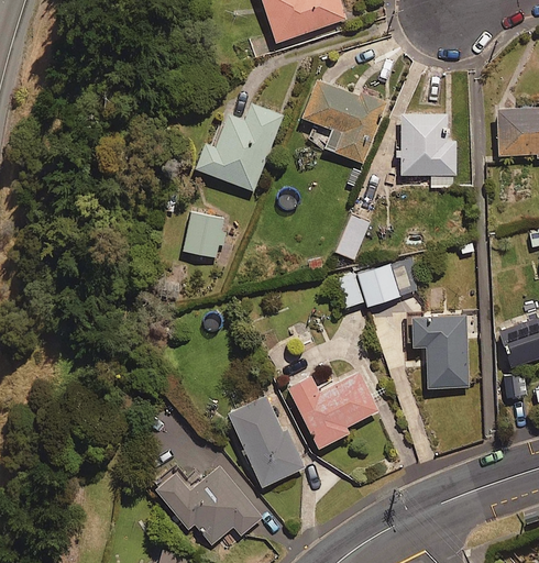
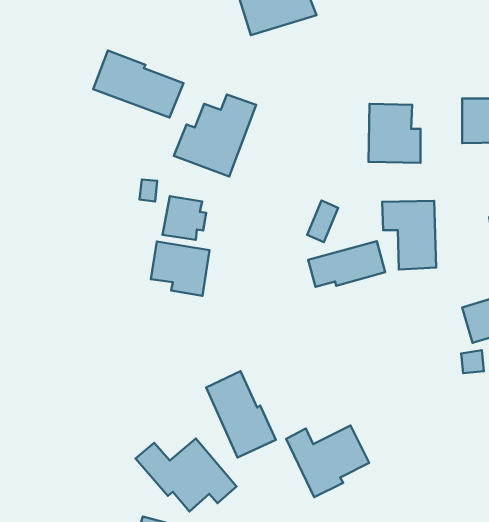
building: none -> [93,51,184,118]
building: [302,79,384,163] -> none
building: none -> [151,241,210,296]
building: [410,316,468,388] -> [382,201,436,270]
building: [288,372,376,448] -> [286,425,369,497]

